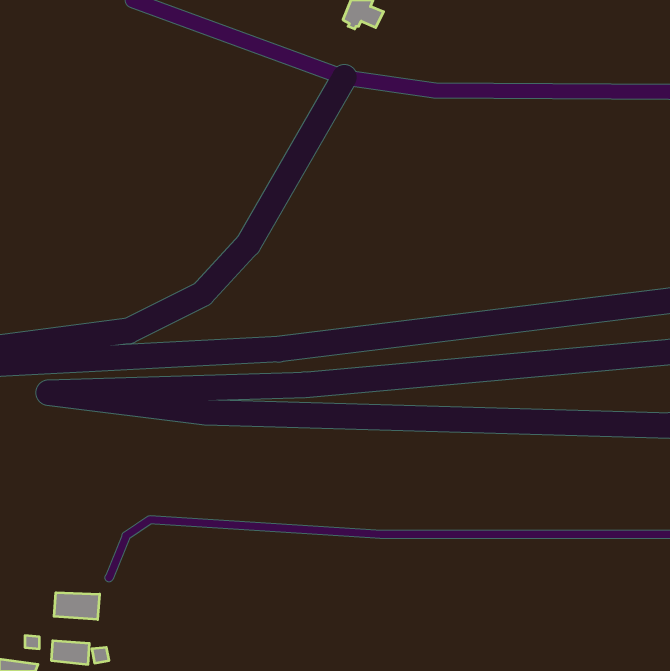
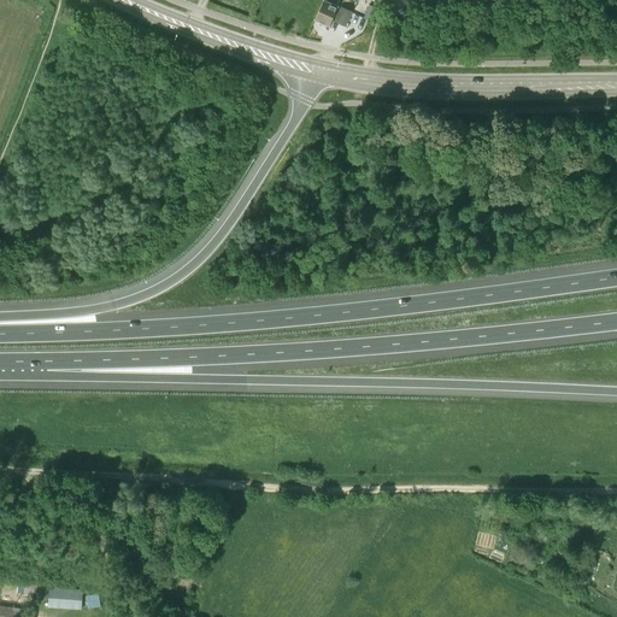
building: [54,593,100,620] -> none

